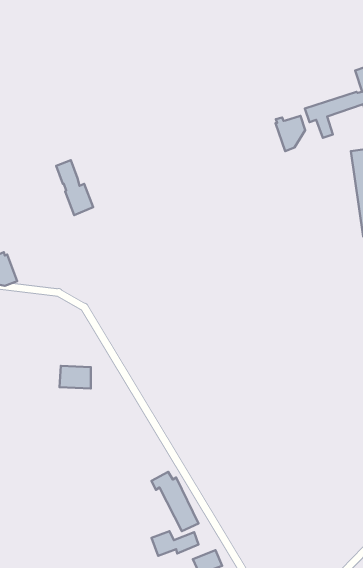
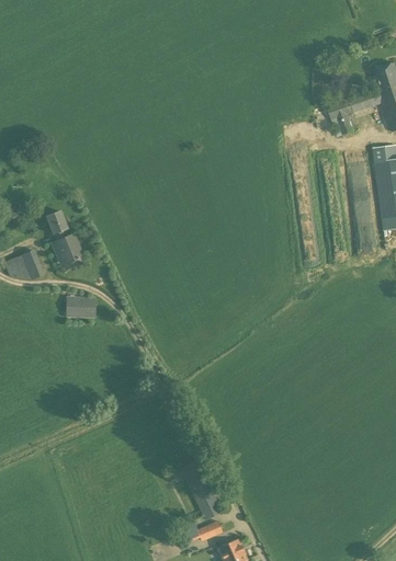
building: [275,116,305,151] -> none
building: [56,160,93,215] -> [46,210,82,264]
building: [60,366,91,388] -> [65,296,95,318]

